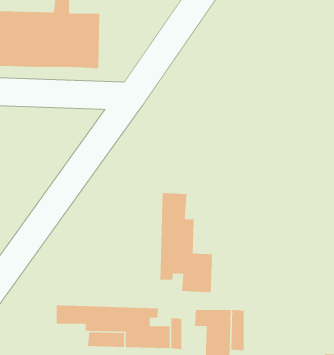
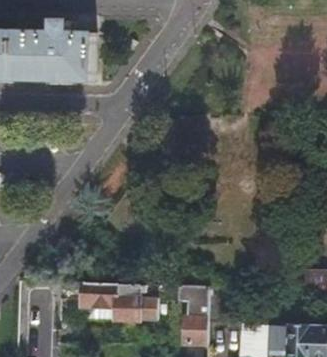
building: [159,192,213,293] -> none

